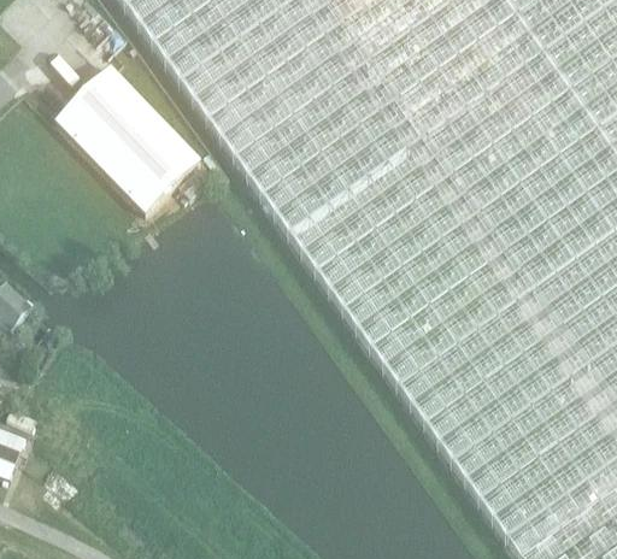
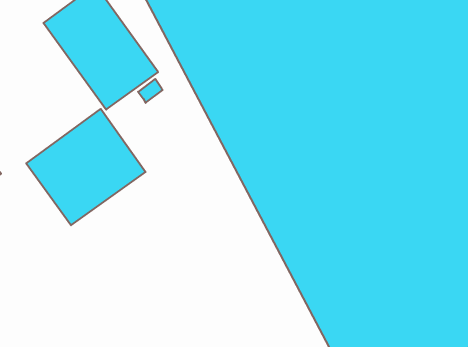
building: none -> [26,109,146,225]

